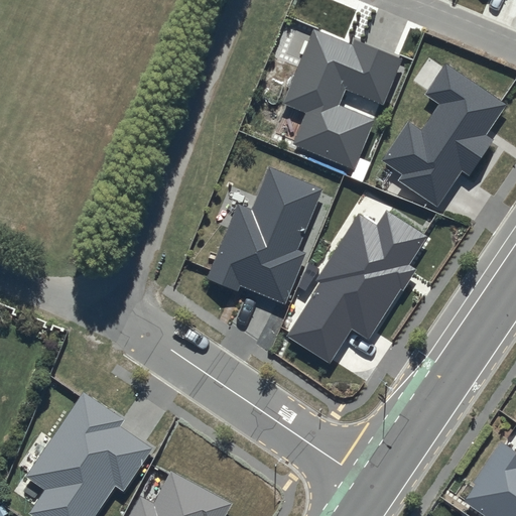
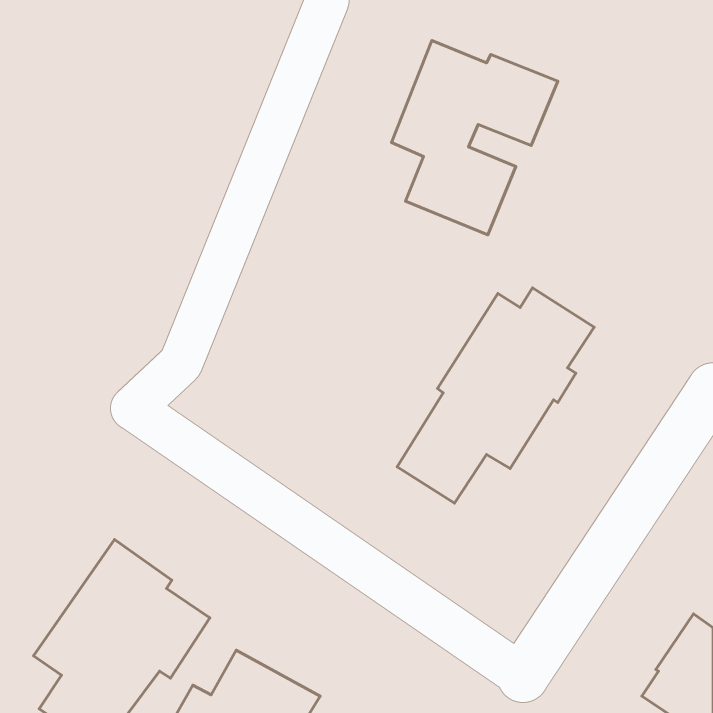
building: [383,66,506,208] -> none
building: [207,168,321,304] -> none

